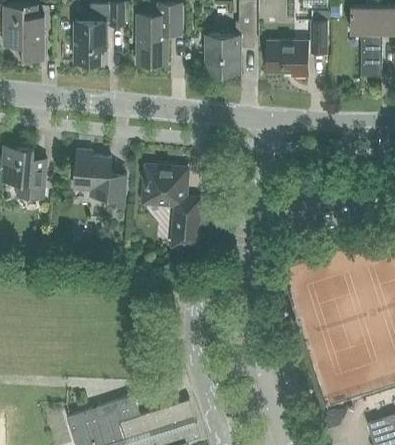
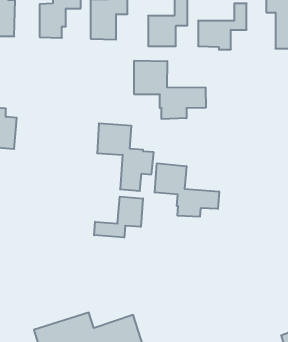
building: none -> [134,61,206,119]
building: [74,151,126,207] -> none
building: none -> [155,163,219,217]
building: none -> [94,197,143,238]

